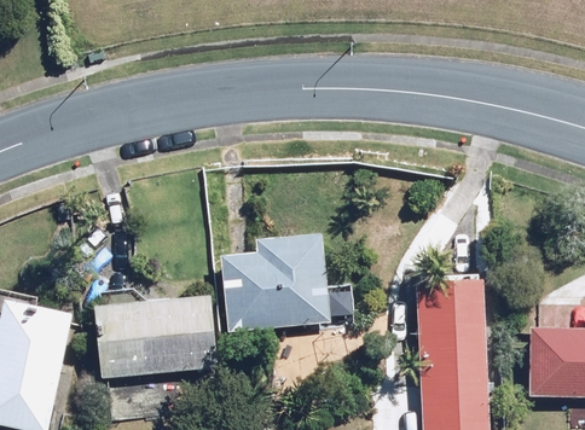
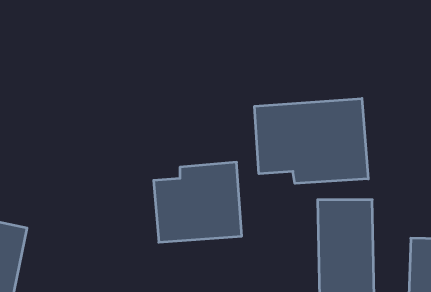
building: none -> [255,98,368,183]
building: [93,294,219,378] -> none

